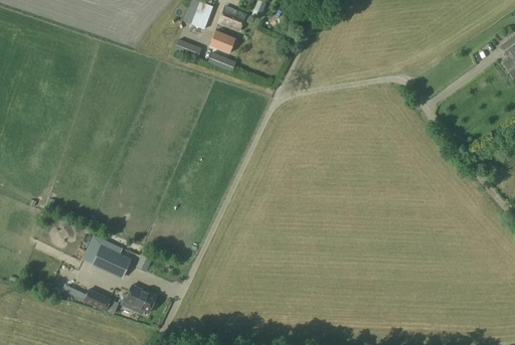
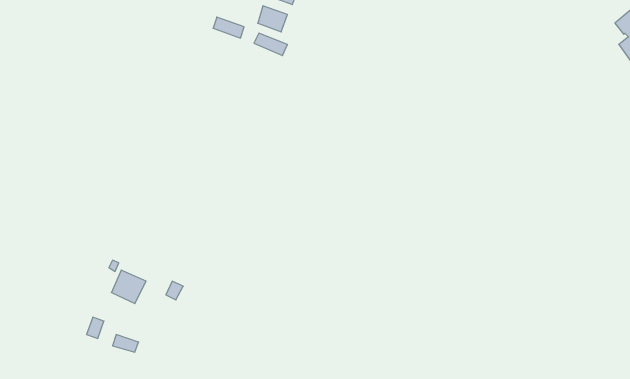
building: [124,287,156,313] -> none

